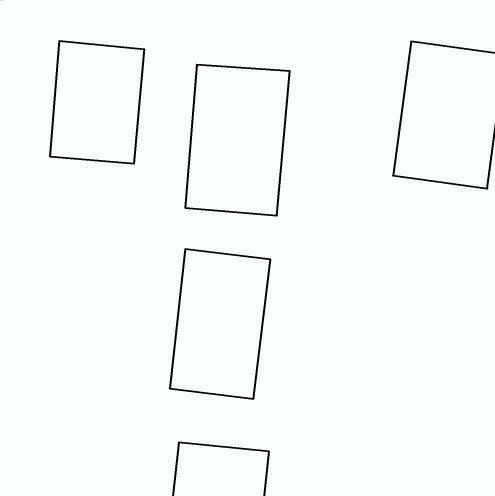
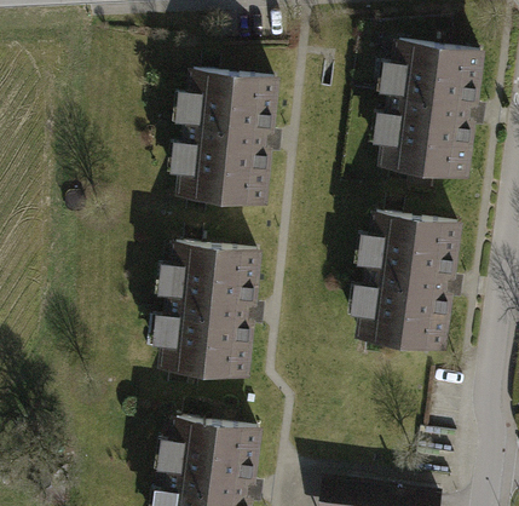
building: [50,41,144,164] -> none
building: none -> [357,211,461,352]

